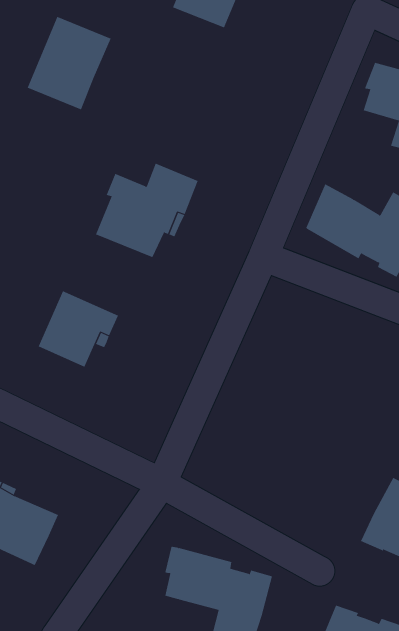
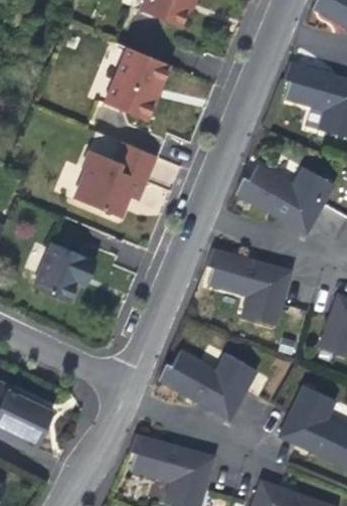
building: [27,16,112,110] -> [104,47,169,120]
building: none -> [207,249,291,327]
building: none -> [161,345,259,414]

